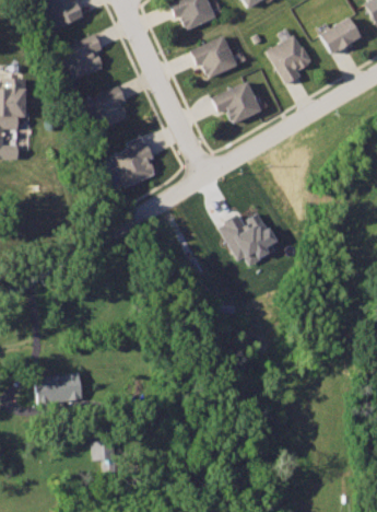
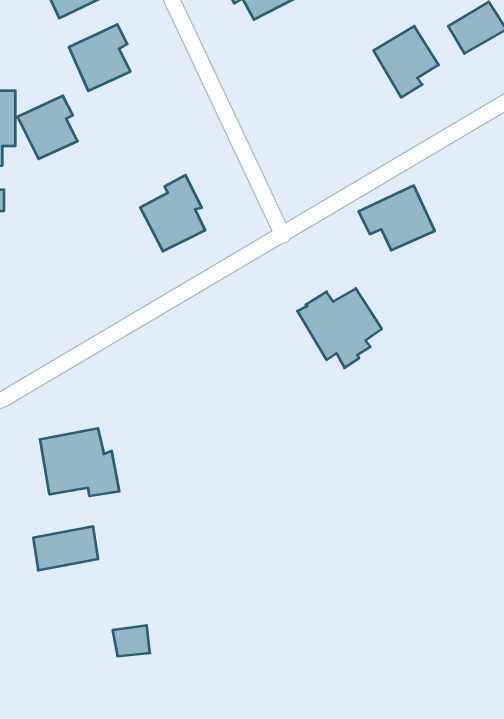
building: [190,36,237,80] -> none
building: [211,81,262,125] -> [359,186,435,250]
building: [90,86,130,129] -> [18,96,78,159]
building: none -> [40,428,119,496]

